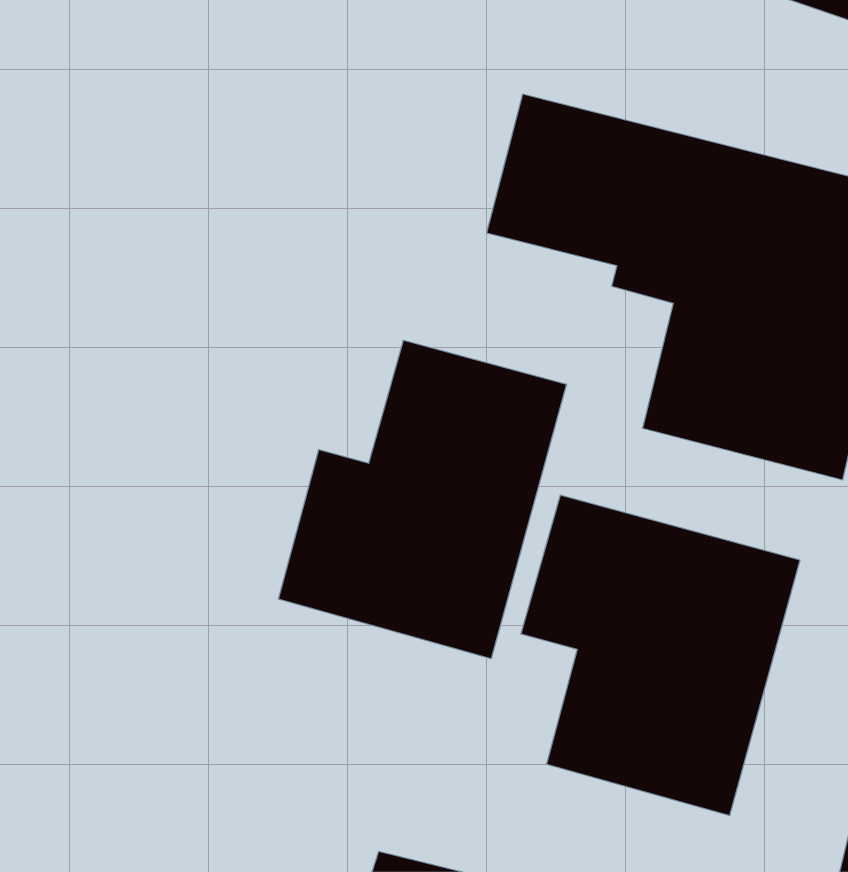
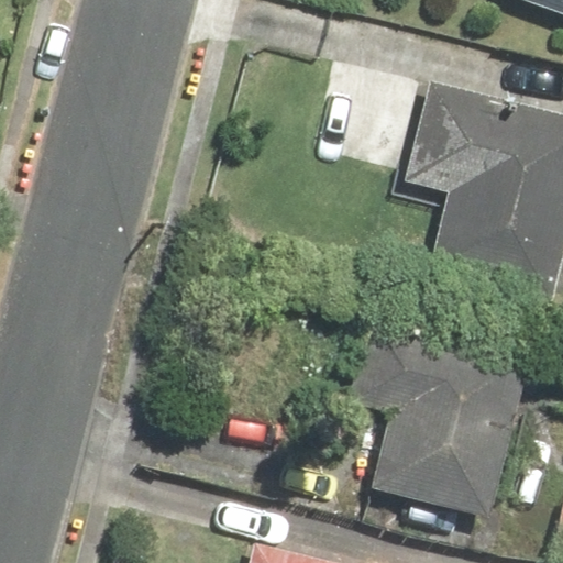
building: [279,340,567,659] -> none

